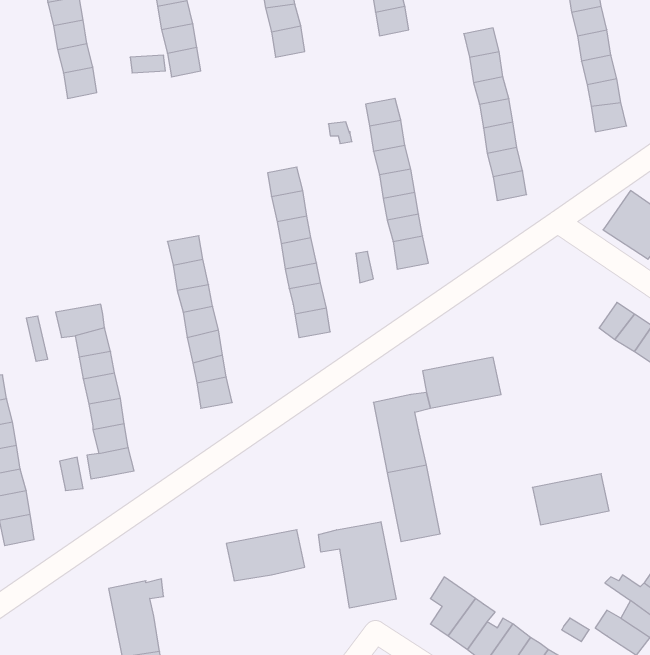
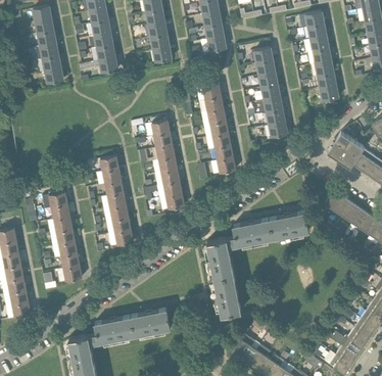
building: [532,474,609,525] -> [269,213,308,239]
building: [319,522,396,608] -> none
building: none -> [94,317,134,344]

